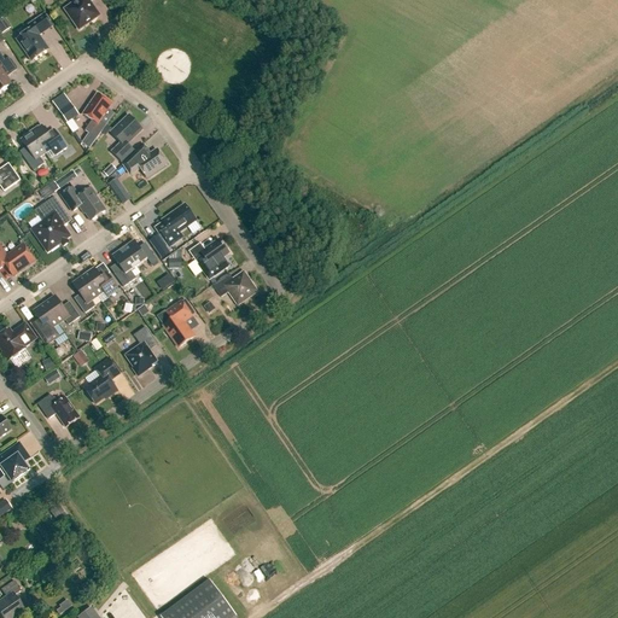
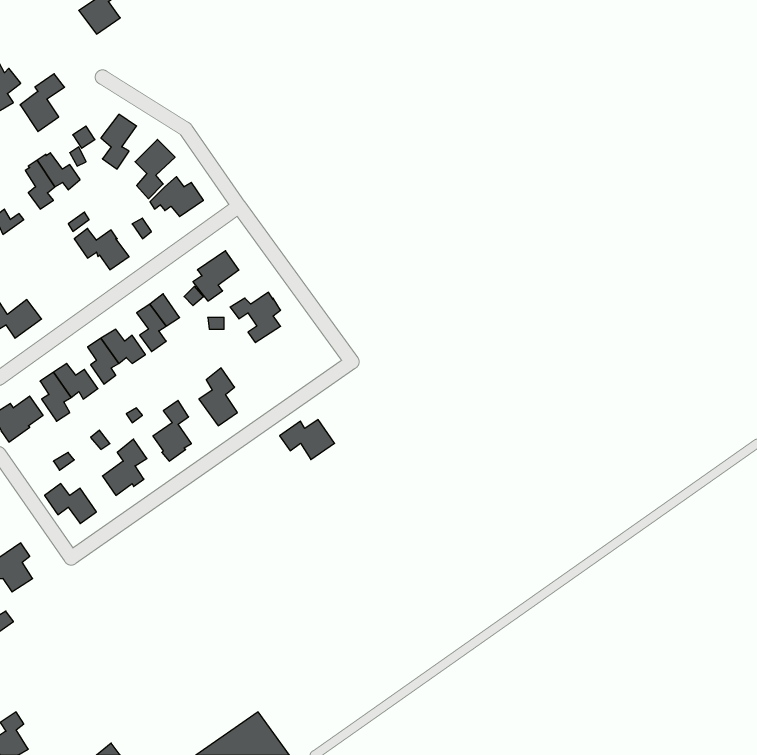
building: [16,13,52,60] -> [20,74,65,132]
building: [31,196,69,250] -> none
building: [211,272,256,304] -> [280,420,335,460]

